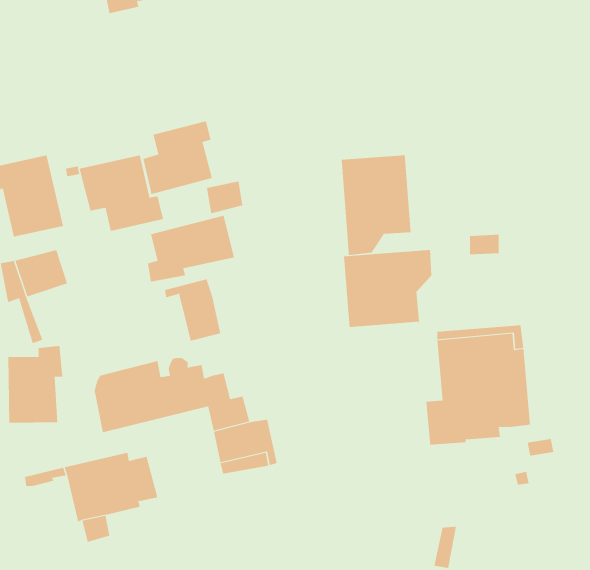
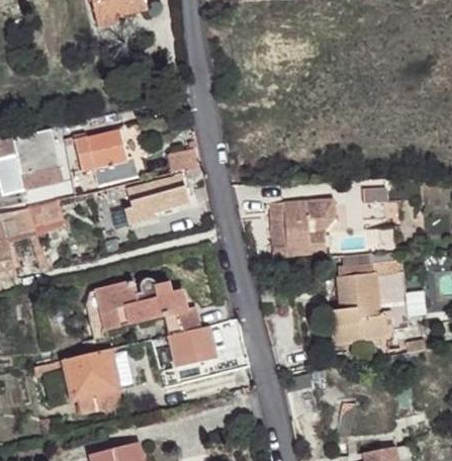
building: [143,120,213,195] -> none
building: [341,154,411,256] -> none
building: [164,278,221,342] -> none
building: [8,345,63,424] -> none

